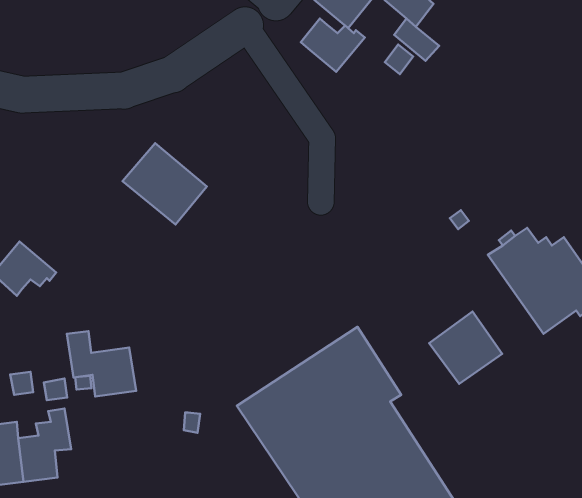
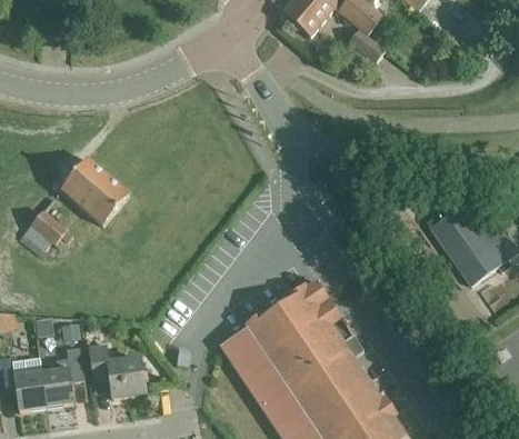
building: [301,18,365,72] -> none
building: [123,143,207,225] -> [60,158,129,225]
building: [429,311,502,384] -> none
building: [67,331,136,396] -> [89,345,146,398]

